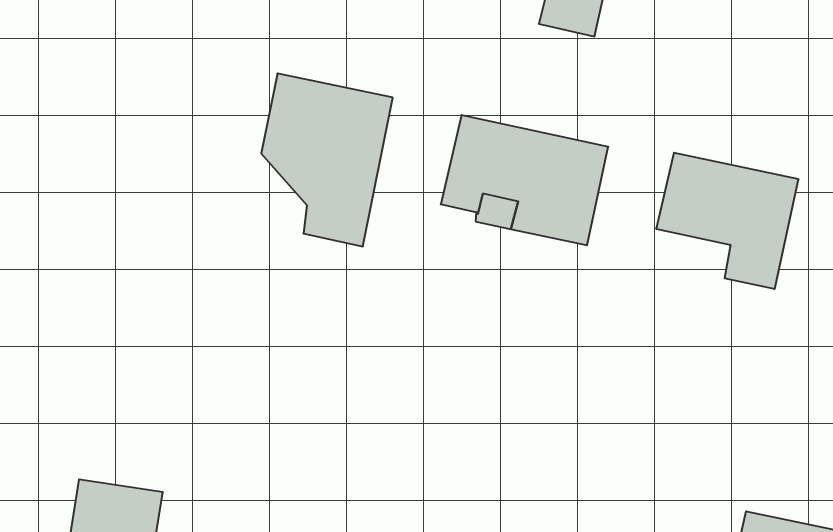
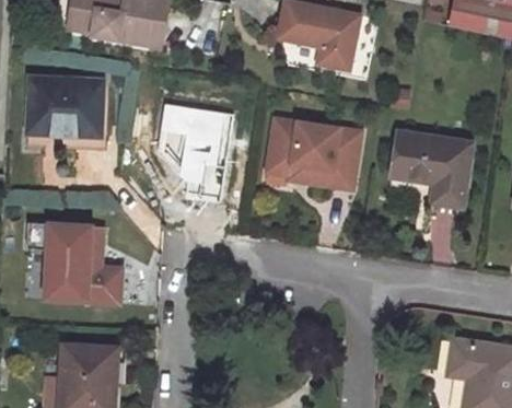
building: none -> [30,73,104,143]
building: none -> [27,218,121,300]

